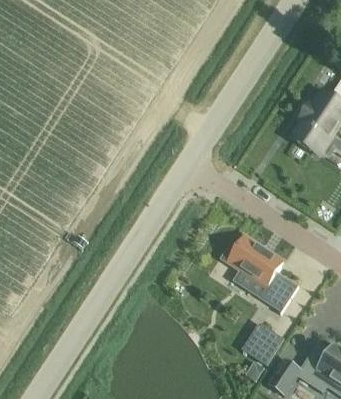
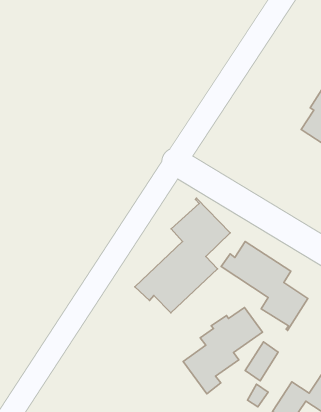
building: none -> [135,198,230,313]
building: none -> [183,307,263,394]

